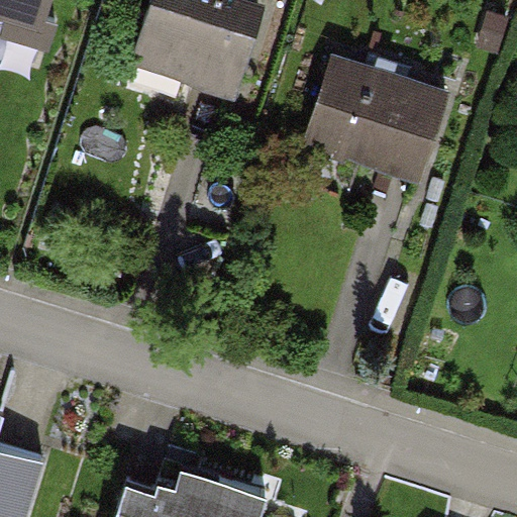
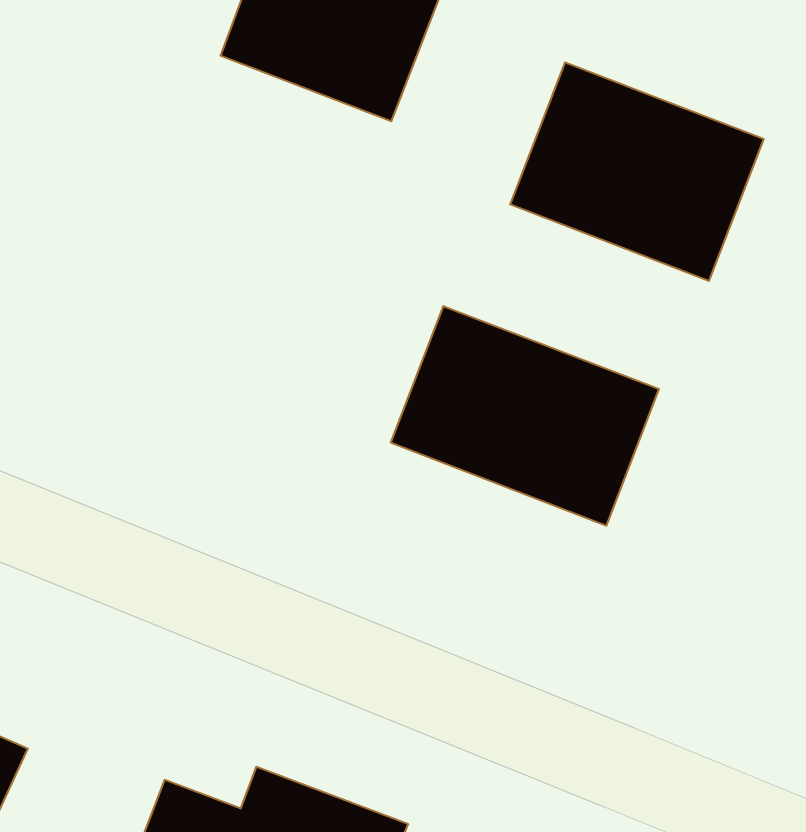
building: none -> [391,306,659,526]

